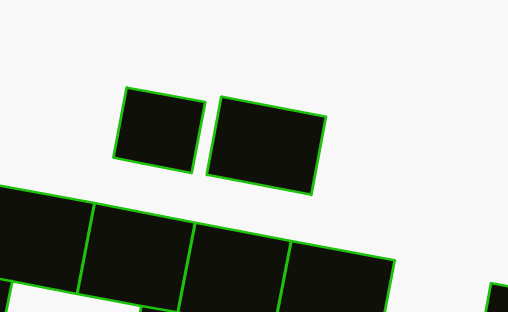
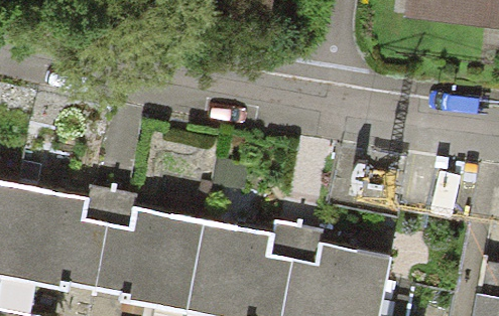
building: [114,87,205,173] -> none
building: [207,97,326,195] -> none

